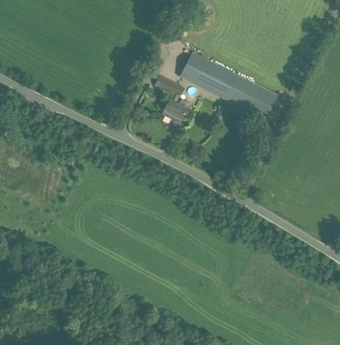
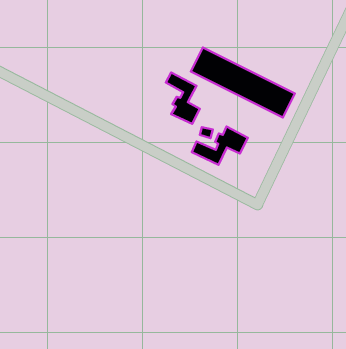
building: none -> [192,127,248,165]

